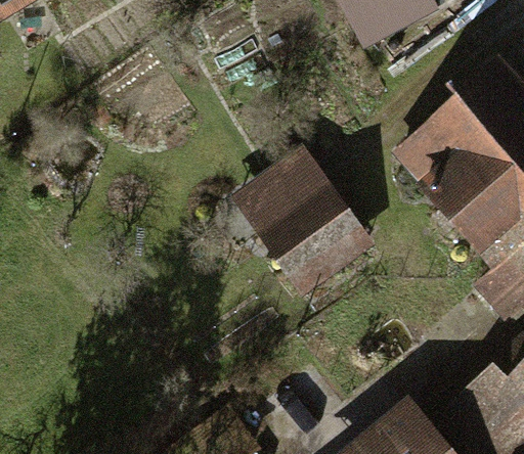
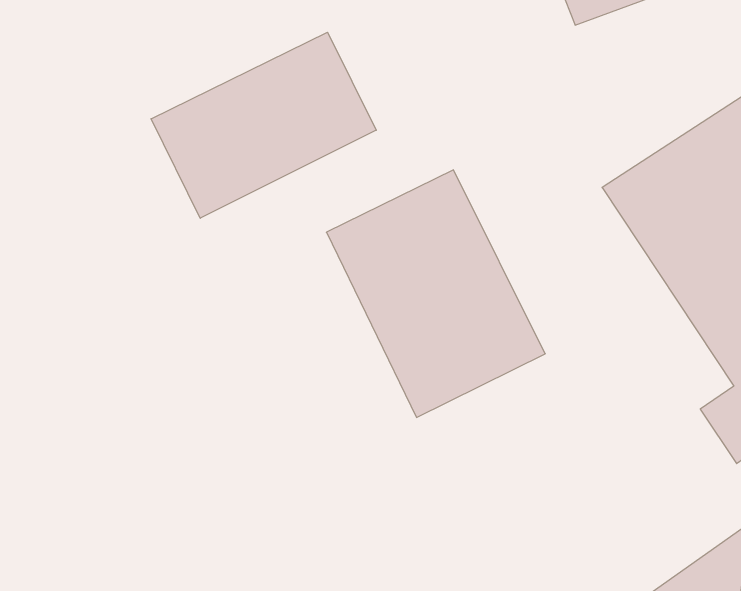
building: none -> [151,32,376,218]

